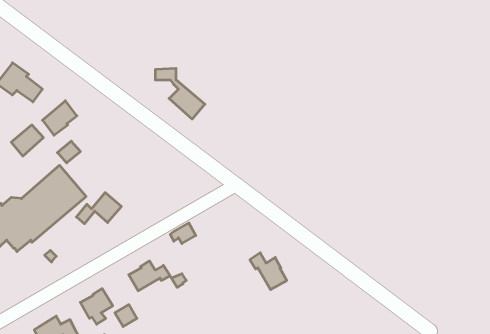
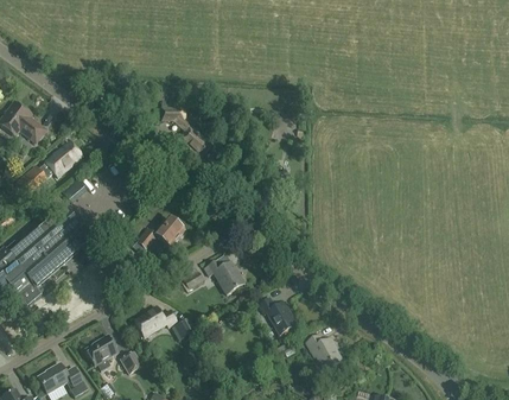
building: [76,193,121,224] -> [138,216,184,248]
building: none -> [203,259,243,292]
building: none -> [306,335,343,373]

